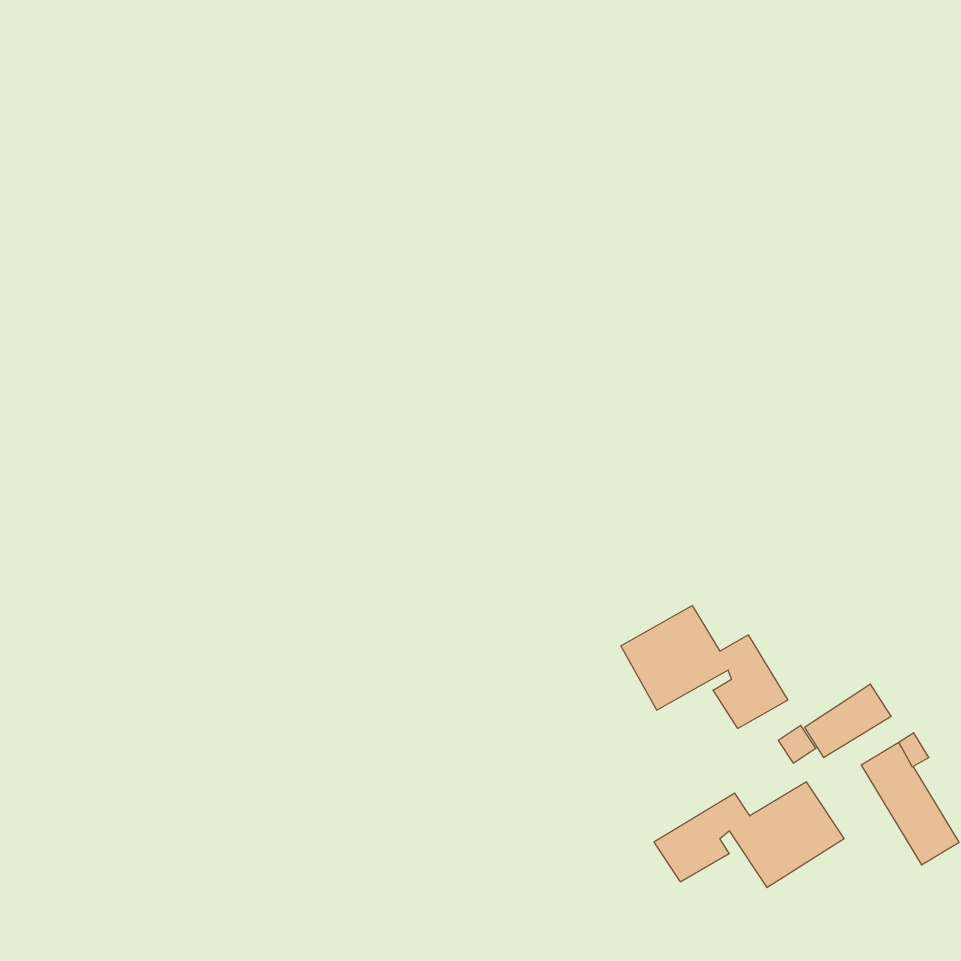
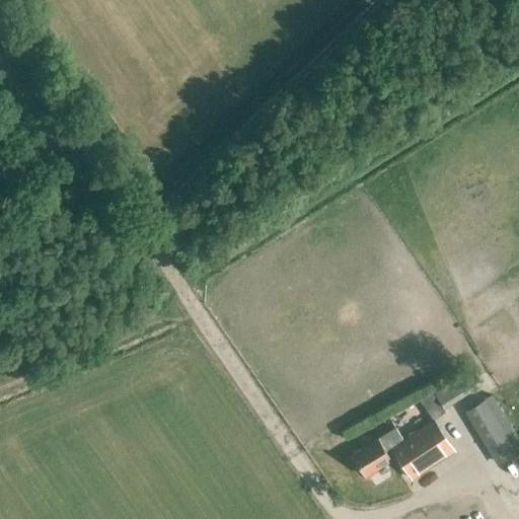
building: [621,606,788,728] -> none

